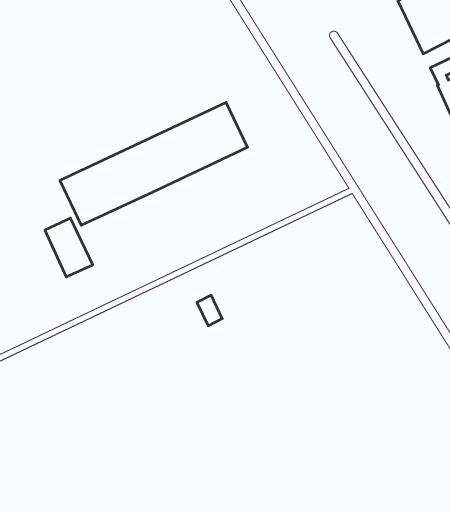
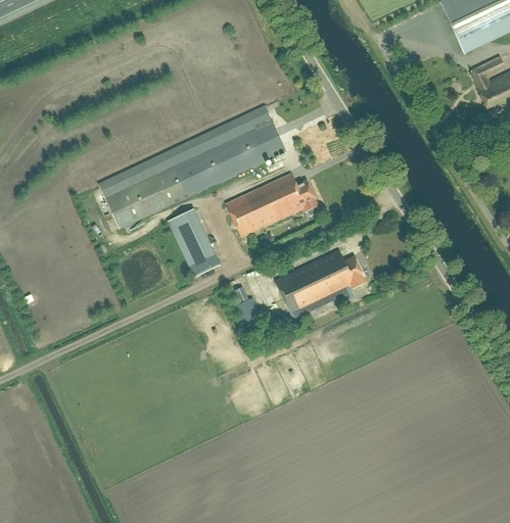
building: none -> [226,173,319,237]
building: [45,218,93,277] -> [170,210,218,270]
building: none -> [275,249,367,314]

